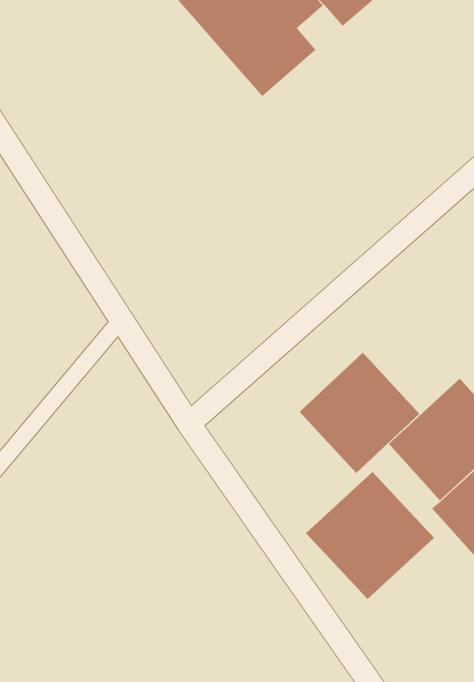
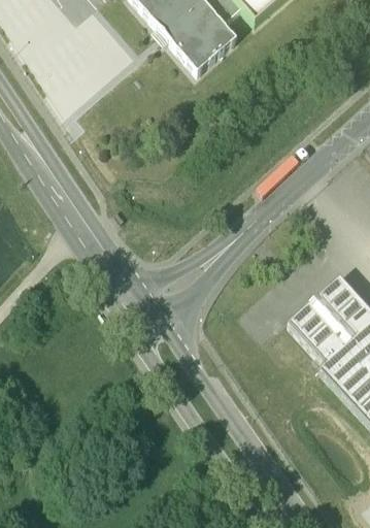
building: [299,352,420,474] -> none
building: [305,471,435,600] -> none

